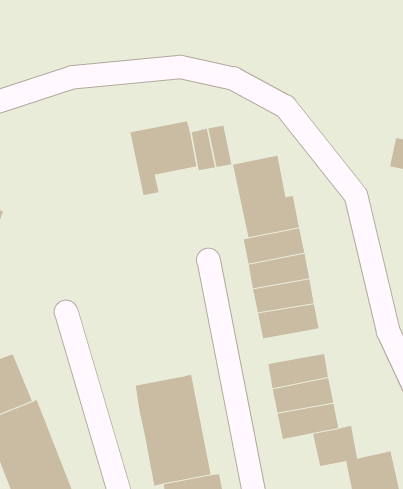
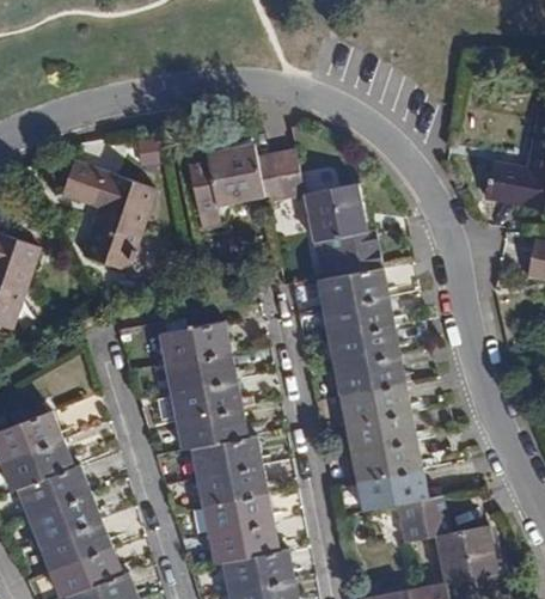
building: none -> [60,159,155,270]
building: none -> [160,322,249,450]
building: none -> [339,383,411,423]

